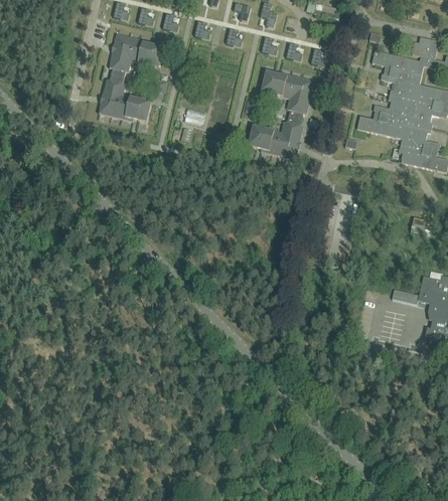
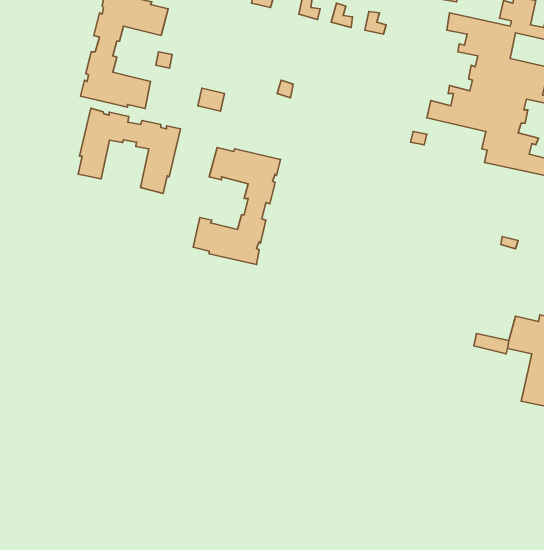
building: [249,71,314,159] -> [193,147,281,265]
building: none -> [78,108,180,194]

